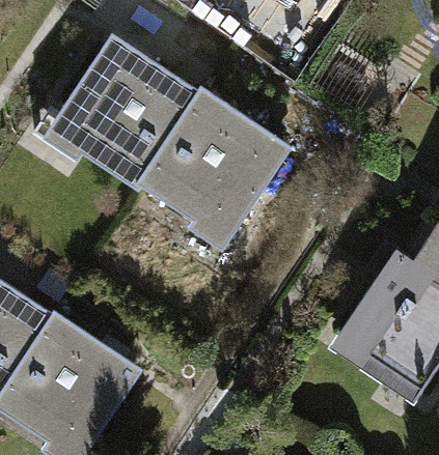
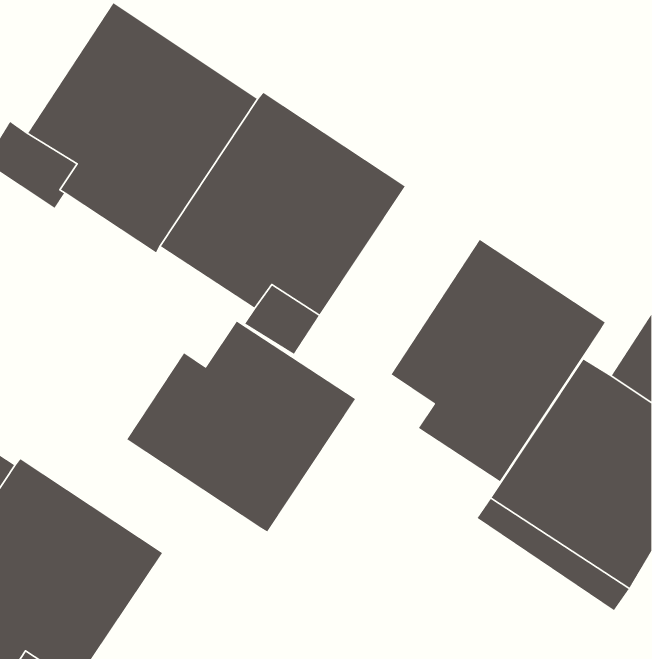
building: none -> [391,239,606,482]
building: none -> [126,321,356,532]

